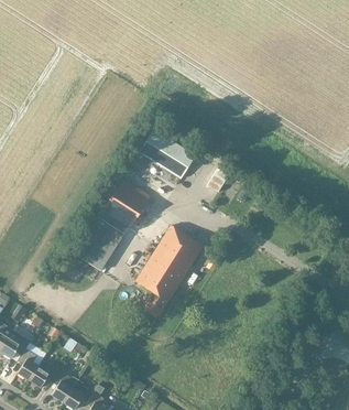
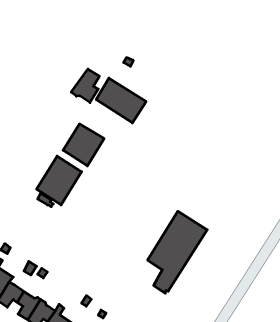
building: none -> [71,69,99,103]
building: [135,226,203,319] -> [148,211,207,293]

